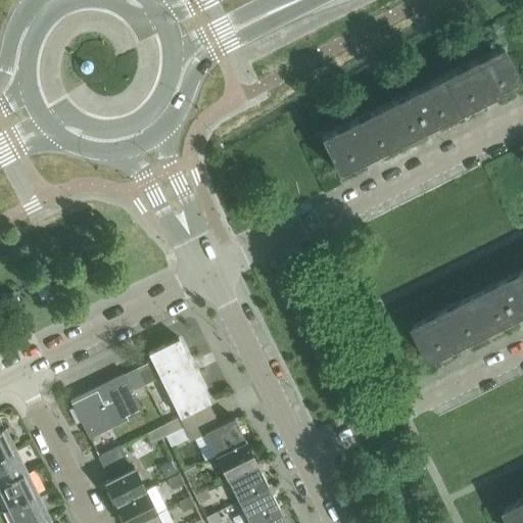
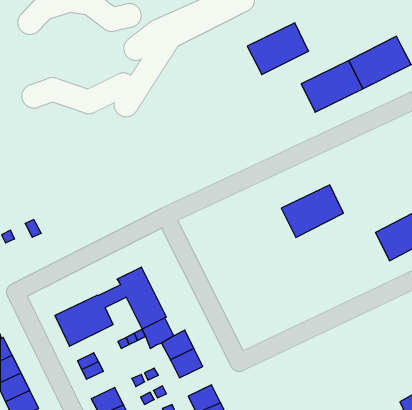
building: [322,109,399,175] -> [247,23,309,75]
building: [415,297,493,364] -> [281,185,343,237]
building: [228,467,269,505] -> none
building: [105,471,146,508] -> none

